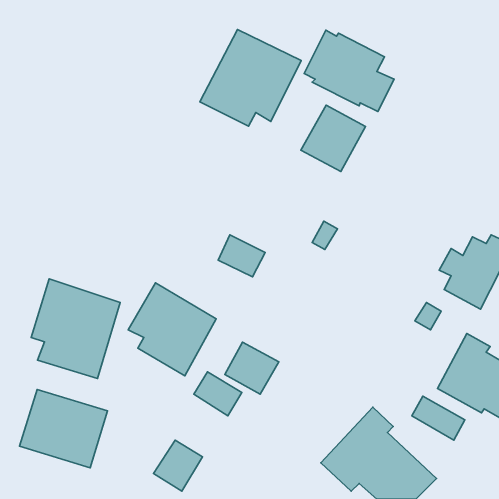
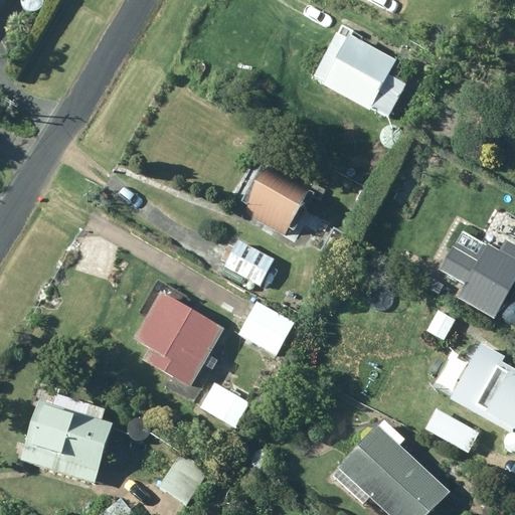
building: [200,29,301,126] -> none
building: [301,105,365,172] -> [244,165,311,233]
building: [31,279,120,379] -> none
building: [225,342,279,394] -> [239,302,295,355]

